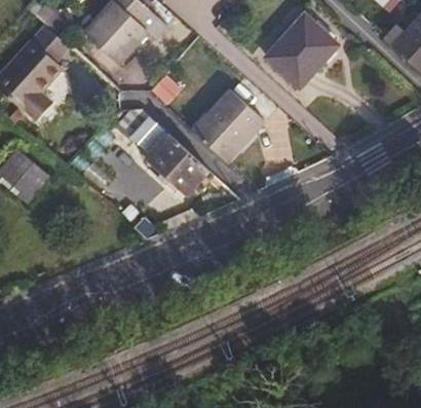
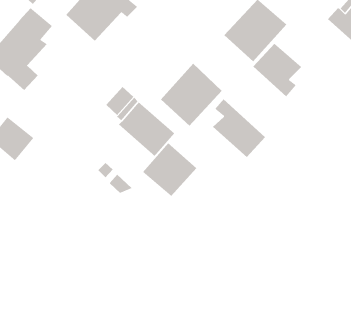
building: none -> [253,43,302,97]
building: none -> [212,99,266,158]
building: none -> [142,142,197,197]

